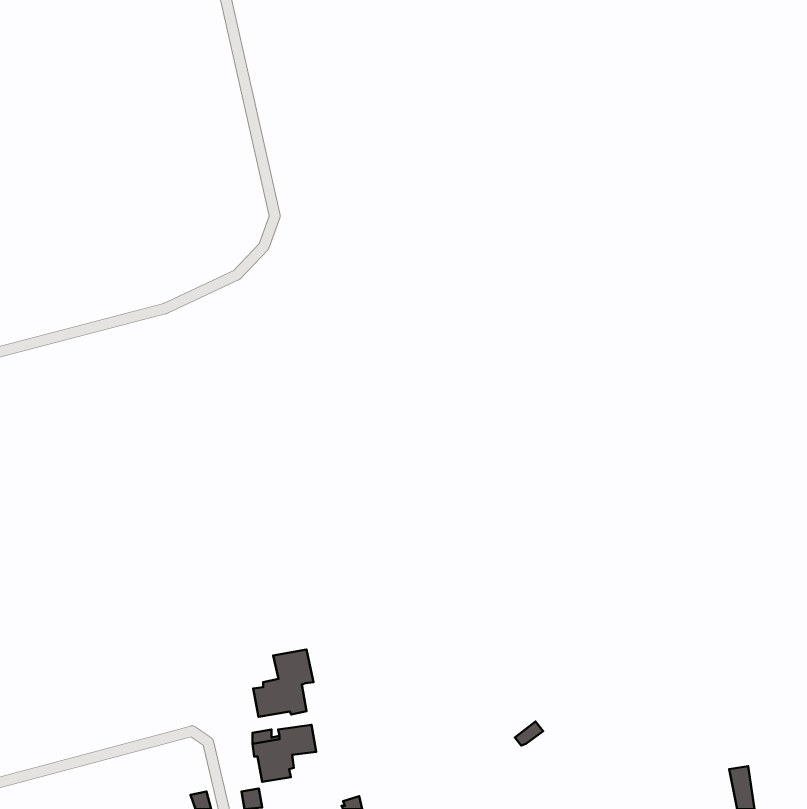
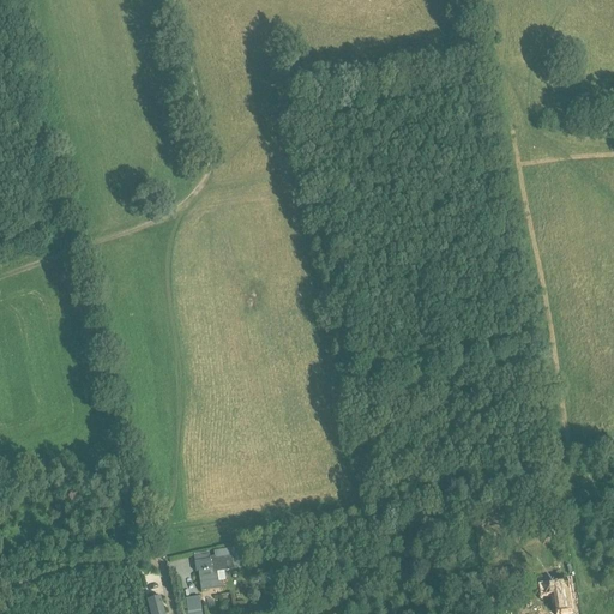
building: [253,650,313,717] -> none

